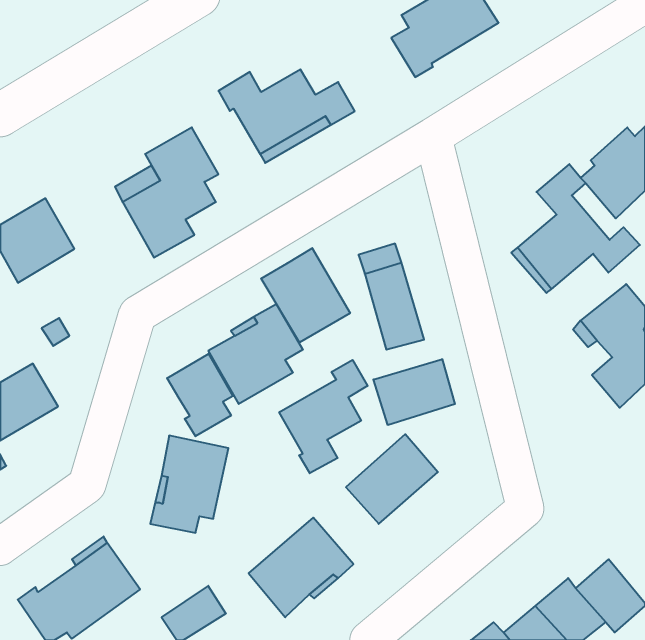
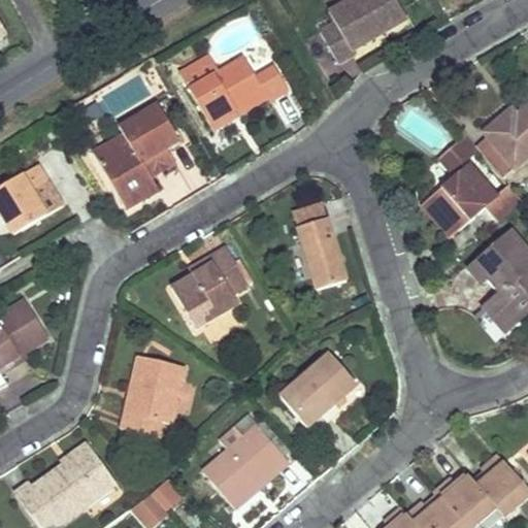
building: [261,248,350,342] -> none
building: [167,354,233,436] -> none
building: [373,359,455,425] -> none
building: [279,360,368,473] -> none

